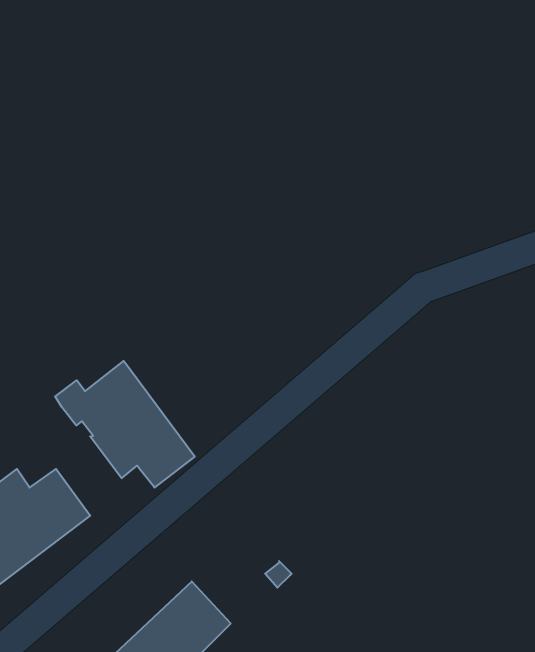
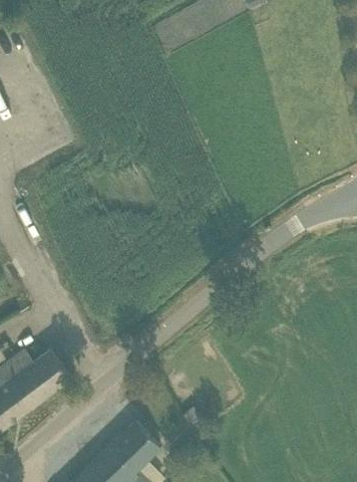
building: [55,361,195,488] -> none

